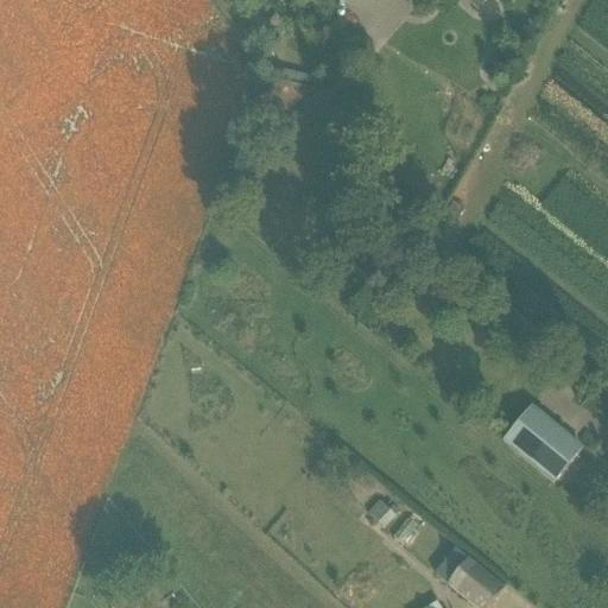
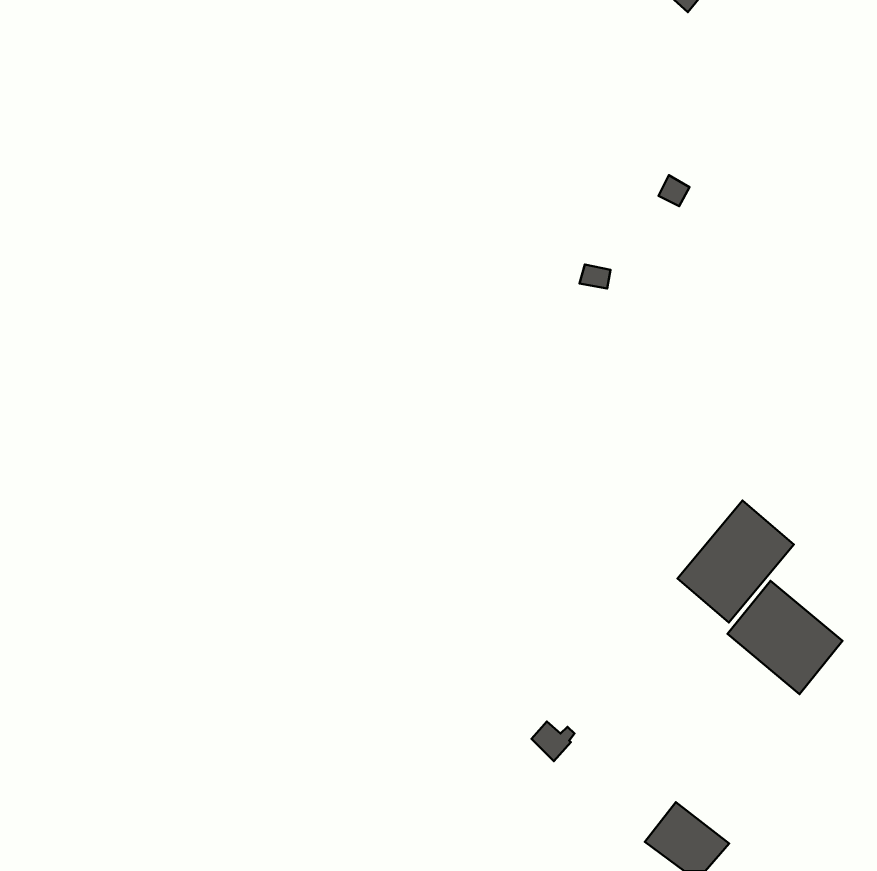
building: none -> [678,500,794,623]

